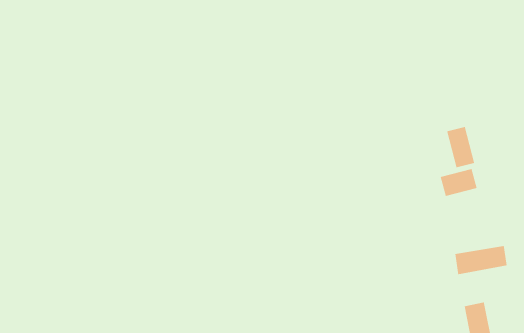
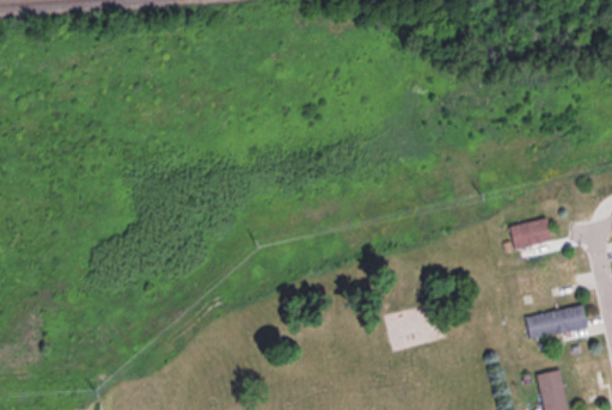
building: [447,126,475,168] -> none

